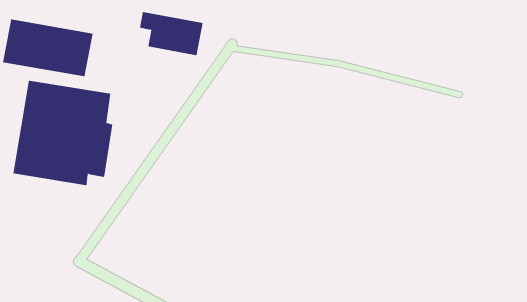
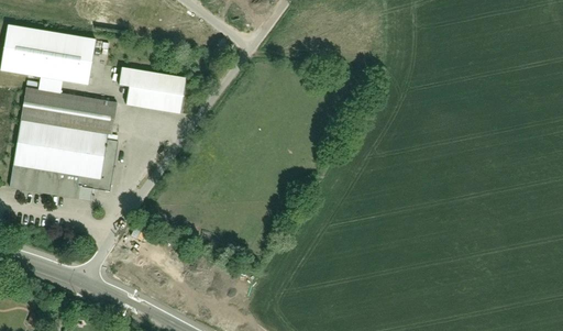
building: [139,11,203,56] -> [122,66,190,113]

